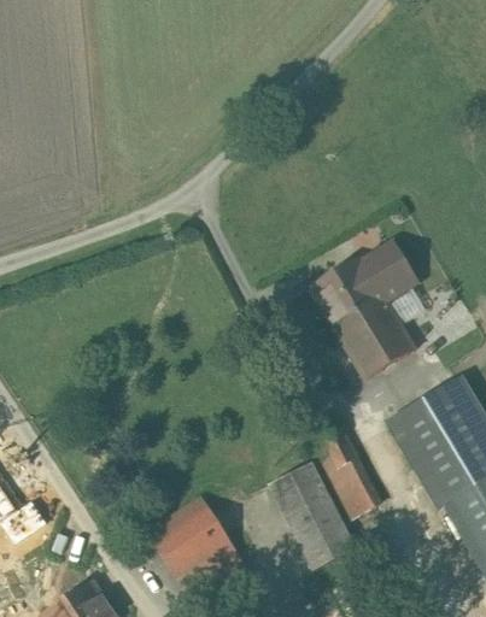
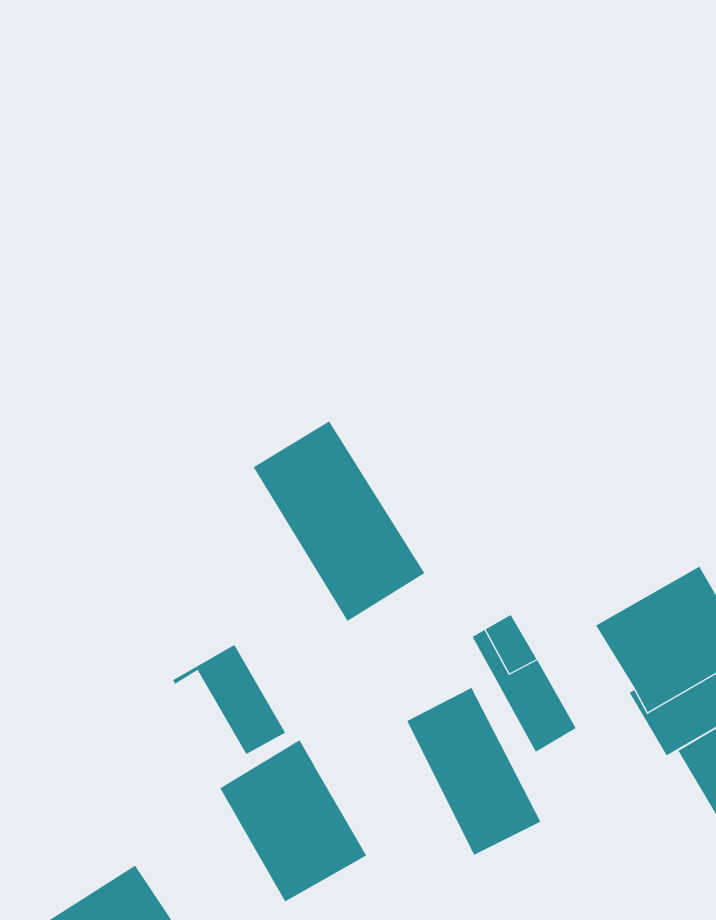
building: [311,245,416,380] -> none
building: none -> [253,420,425,622]
building: none -> [172,644,285,755]

